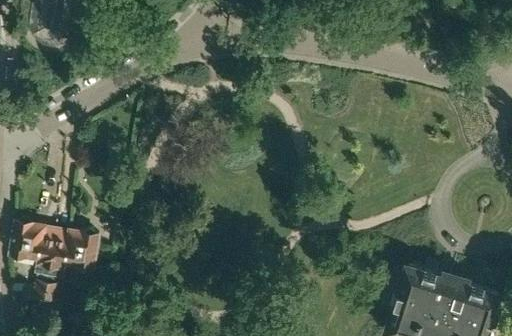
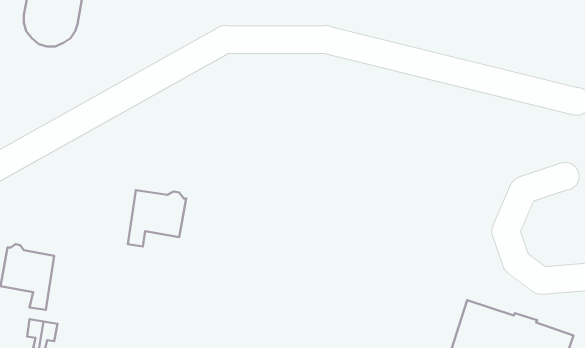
building: [49,227,99,275] -> [128,190,186,246]

